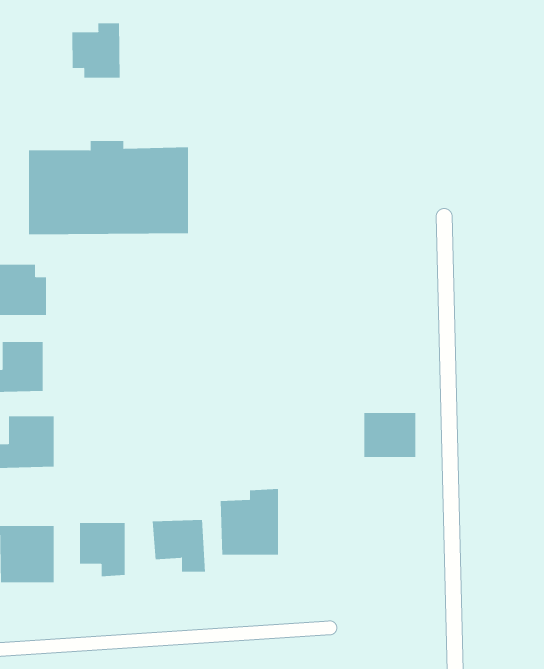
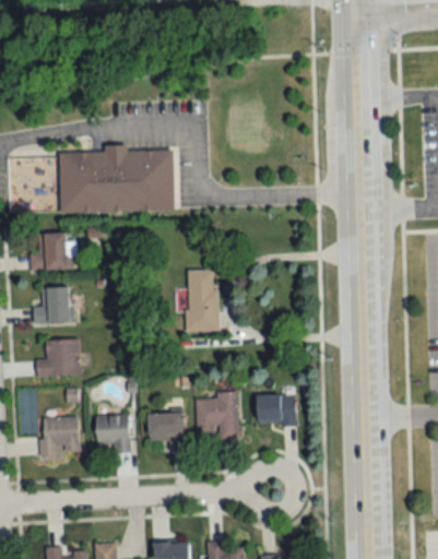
building: [72,23,120,79] -> none
building: none -> [187,270,216,331]
building: [364,413,416,457] -> [258,394,295,426]

